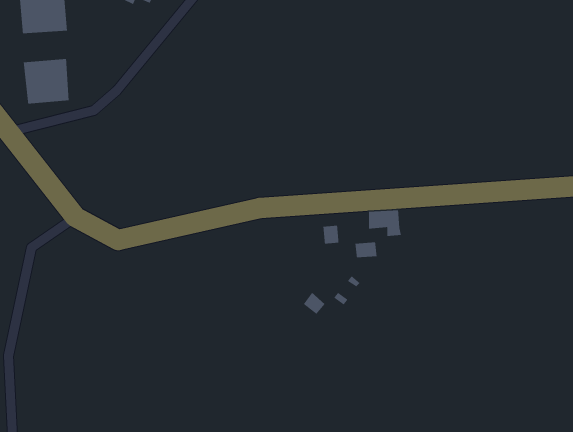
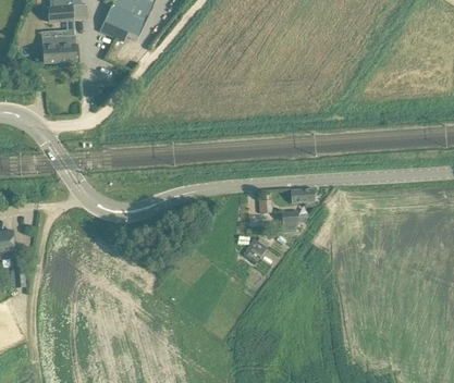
building: [23,58,69,104] -> none

